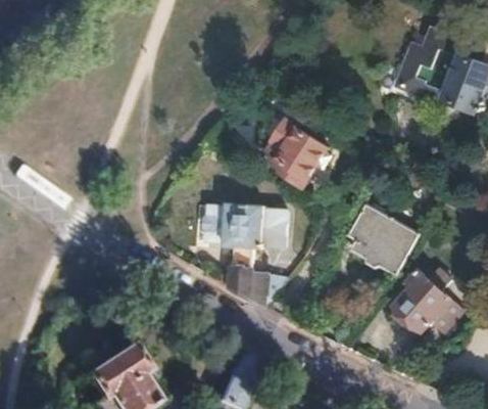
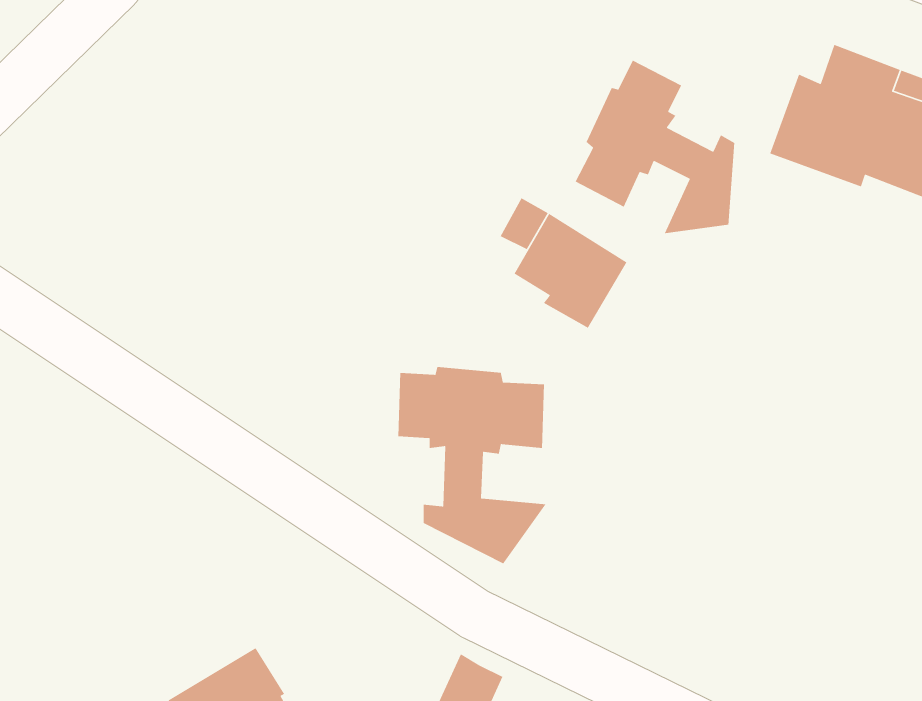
building: none -> [575,59,735,234]
building: [348,206,417,275] -> none
building: [394,271,450,334] -> none

